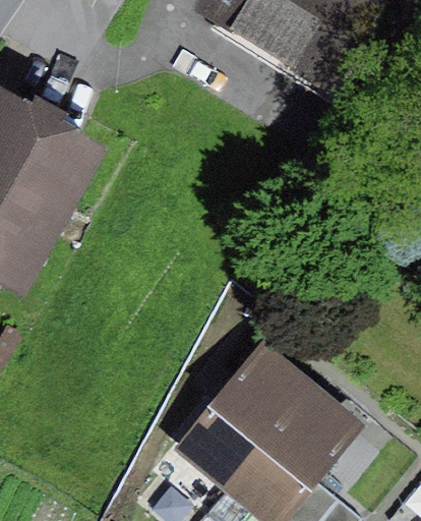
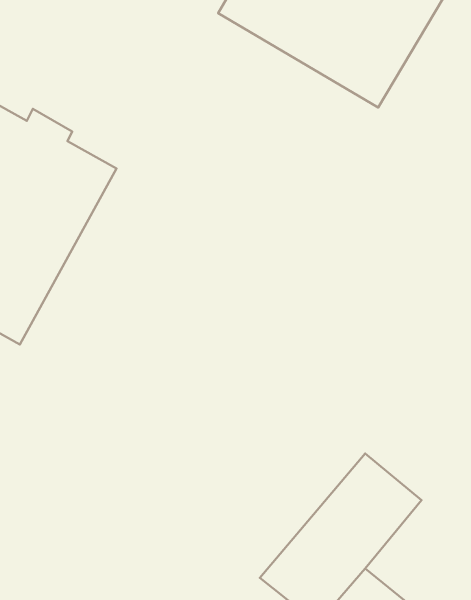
building: [176,341,316,491] -> none

